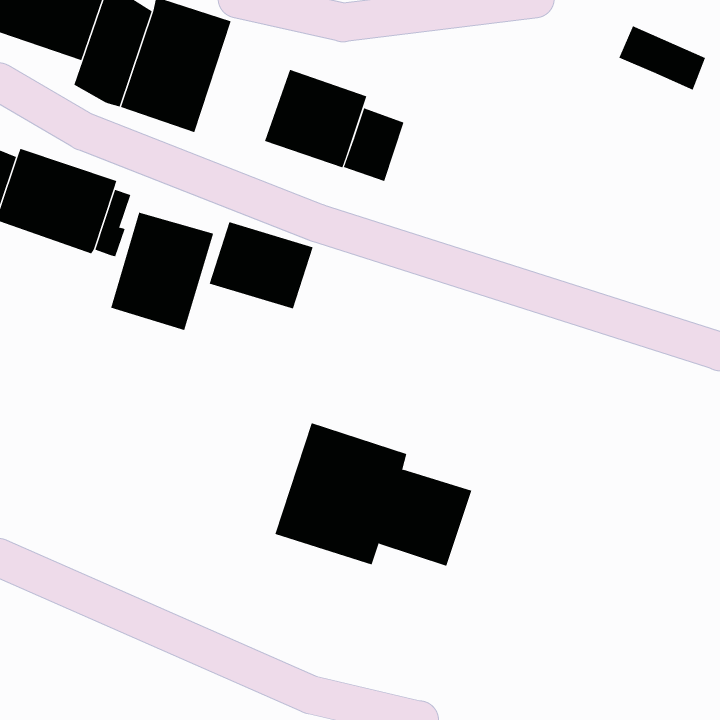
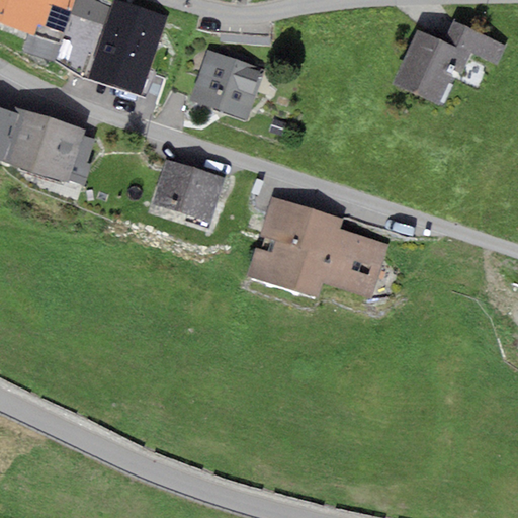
building: none -> [392,29,469,104]
building: [343,107,404,182] -> none
building: [110,212,214,331] -> none
building: [275,423,472,567] -> [246,195,387,298]

